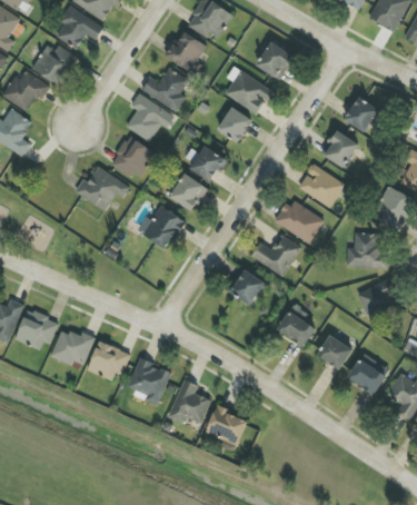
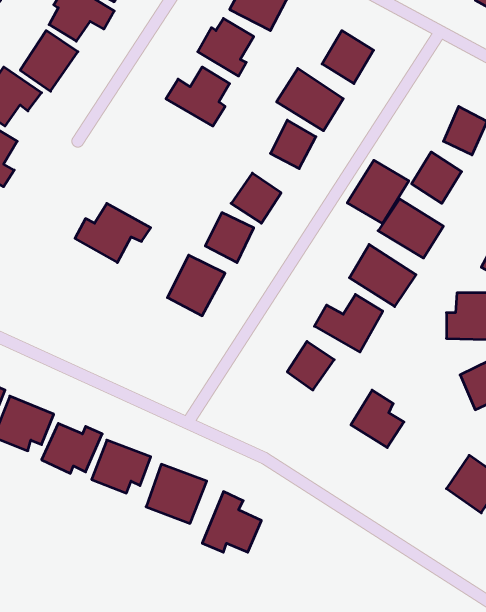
building: [126,93,175,141] -> none
building: none -> [347,160,409,223]
building: [110,136,155,176] -> none
building: [317,334,353,368] -> none
building: [205,405,248,450] -> none

